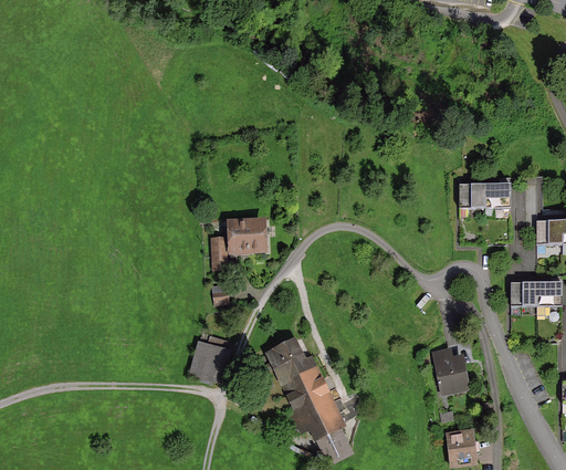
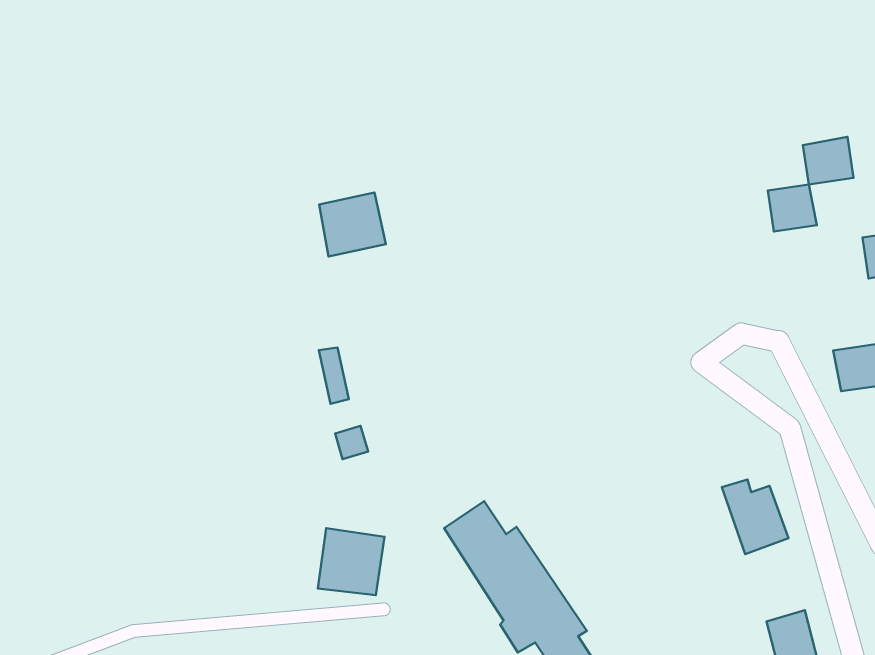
building: [459,184,485,208] -> [803,137,853,184]
building: [229,218,264,251] -> [319,192,386,256]

